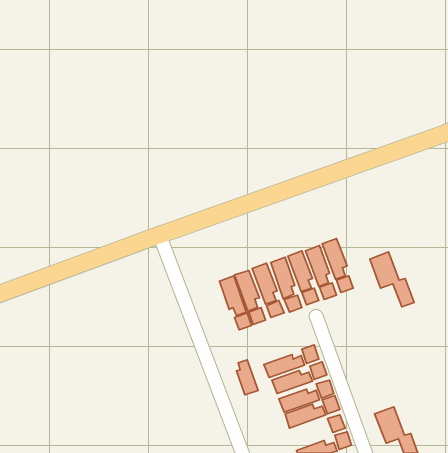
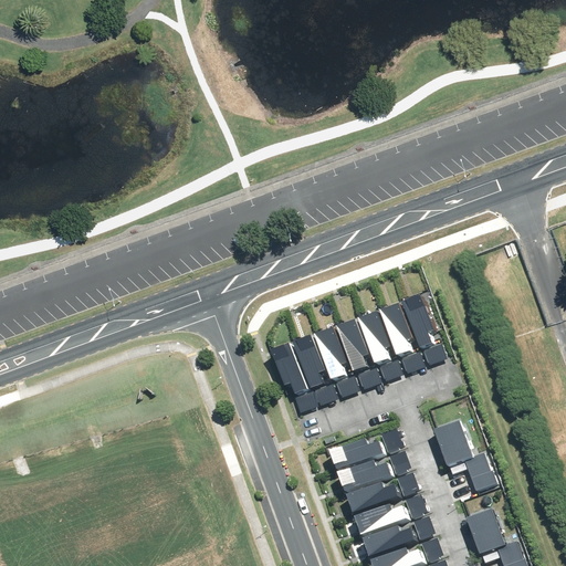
building: [370,252,414,307] -> [436,420,491,489]
building: [236,360,258,395] -> none
building: none -> [363,528,412,557]

